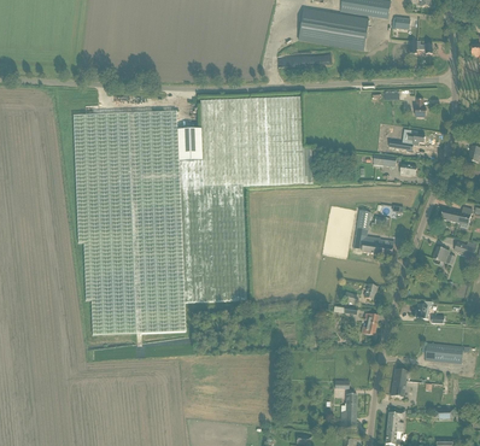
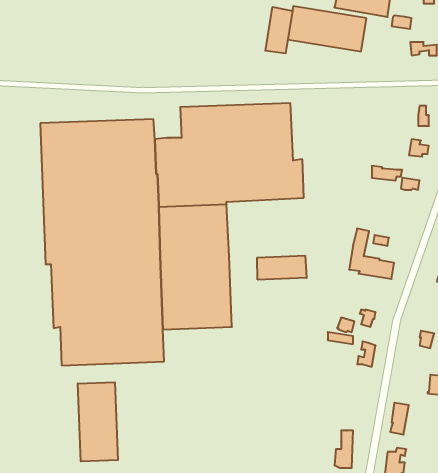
building: none -> [265,7,292,53]
building: none -> [257,256,307,280]
building: none -> [78,382,118,461]

